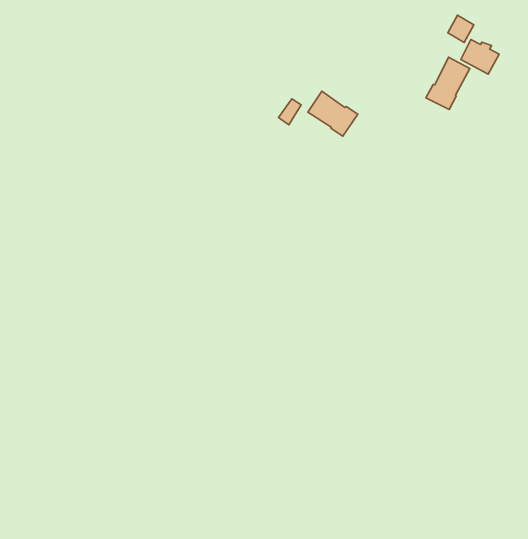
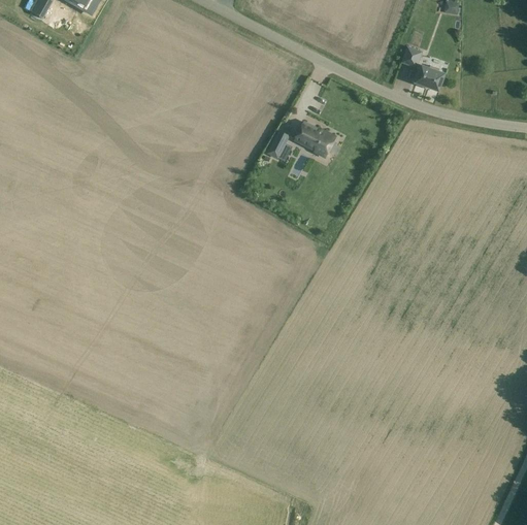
building: [426,57,470,110] -> none

